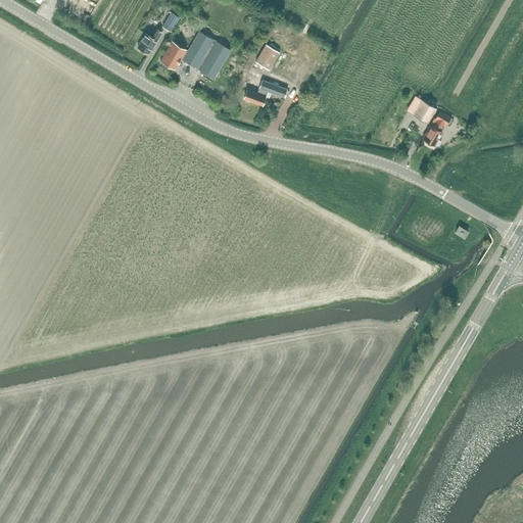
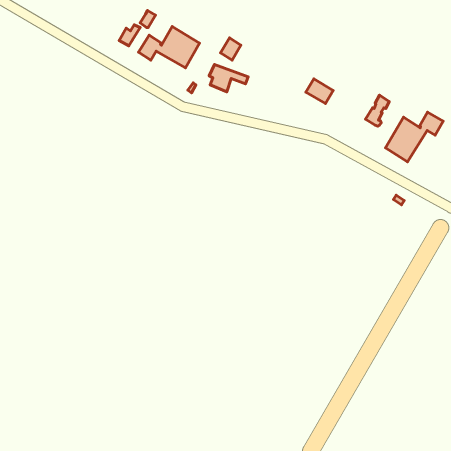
building: [406,95,437,124] -> [306,79,333,104]
building: none -> [386,112,443,162]

